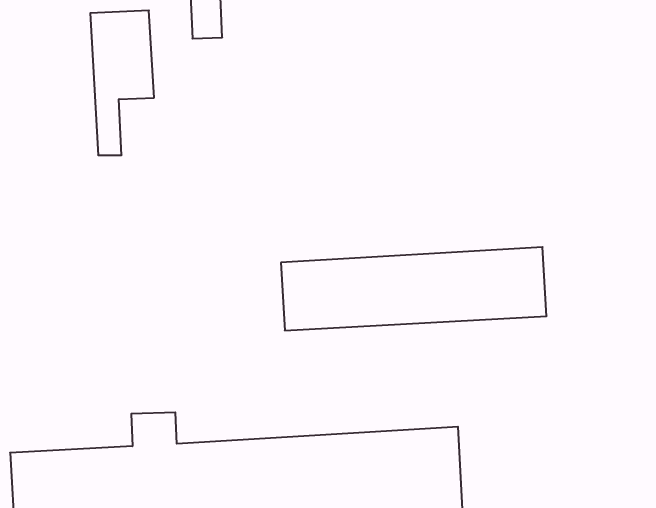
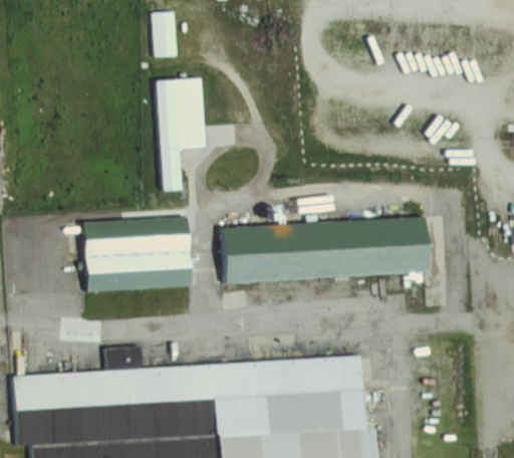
building: [90,10,154,155] -> [157,78,206,190]
building: none -> [83,216,191,290]

